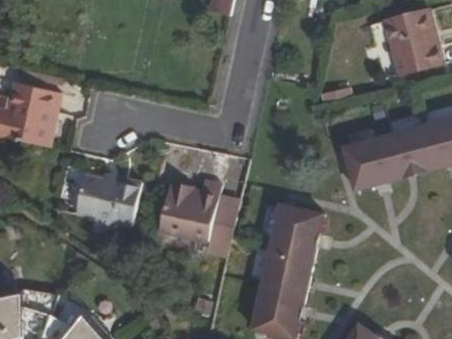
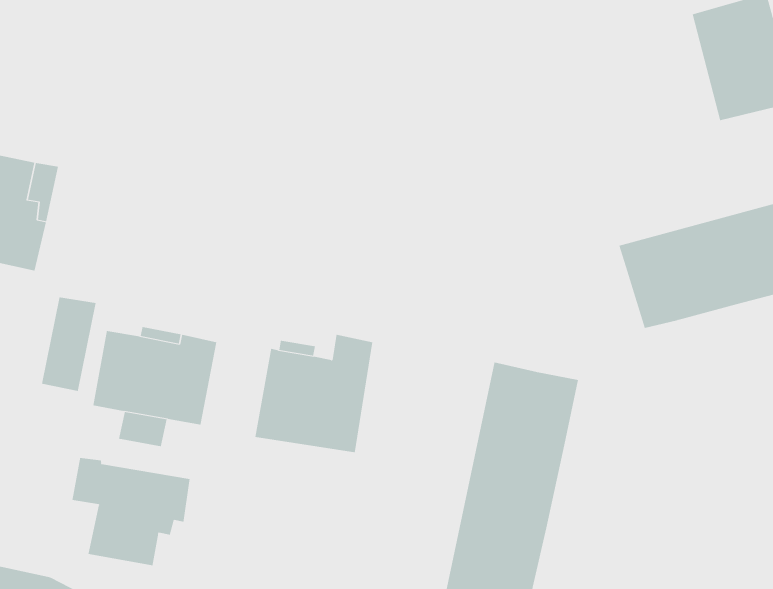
building: none -> [72,457,190,566]

